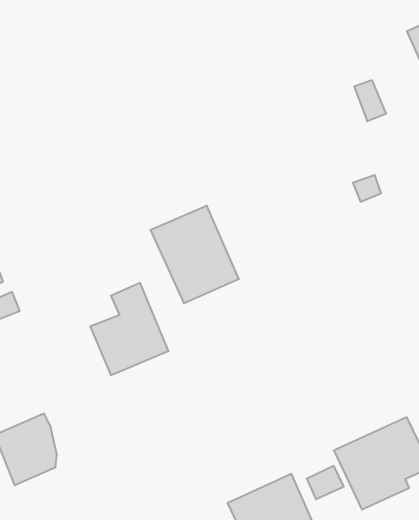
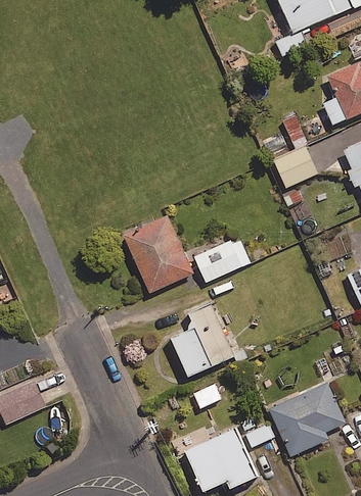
building: none -> [275,146,318,188]
building: none -> [194,234,251,283]
building: [90,283,168,375] -> [170,302,232,376]

